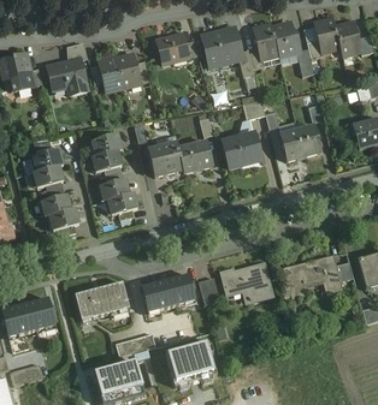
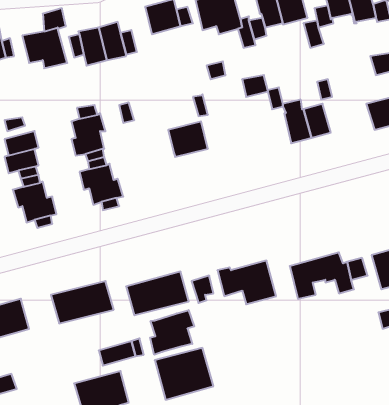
building: [222,132,261,168] -> none
building: [147,142,182,175] -> none
building: none -> [150,310,194,355]

